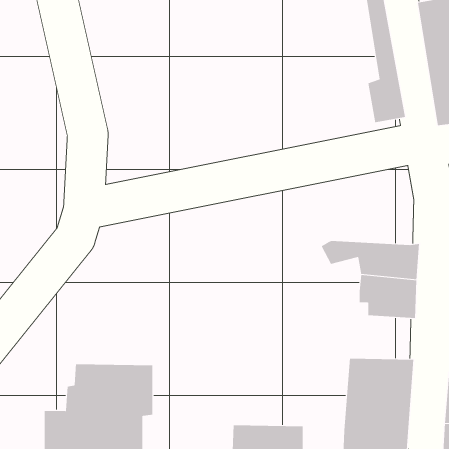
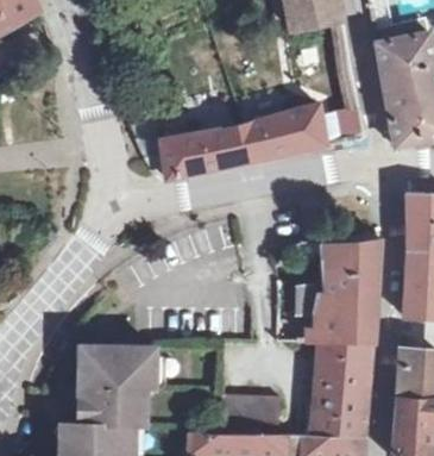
building: none -> [145,105,327,179]
building: none -> [296,285,375,342]

